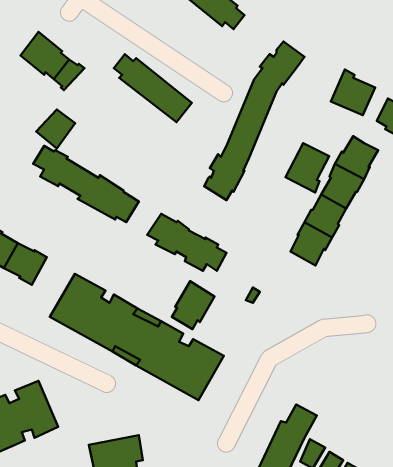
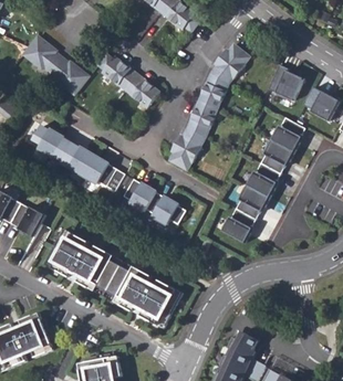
building: [36,109,75,148] -> [56,63,87,94]
building: [285,143,329,193] -> none
building: none -> [224,209,257,243]
building: [172,281,214,329] -> none

